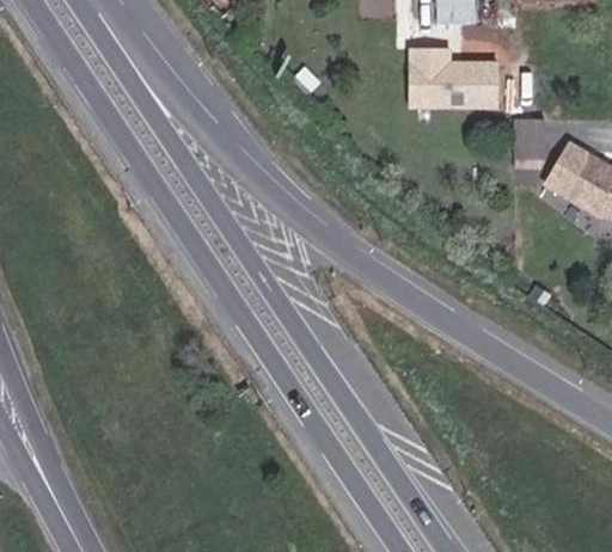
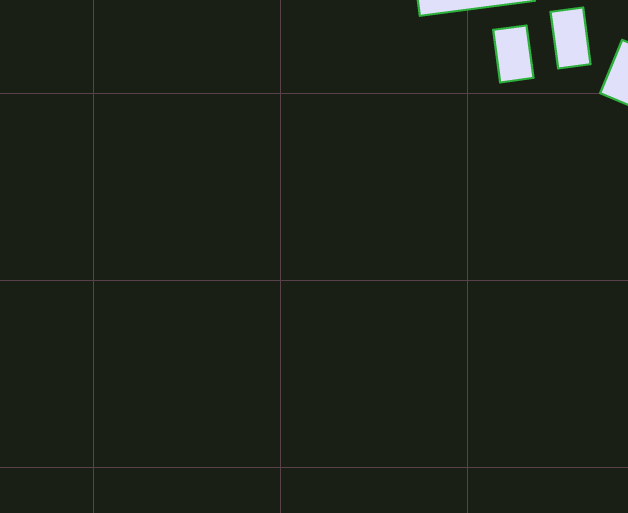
building: none -> [493,25,533,82]

